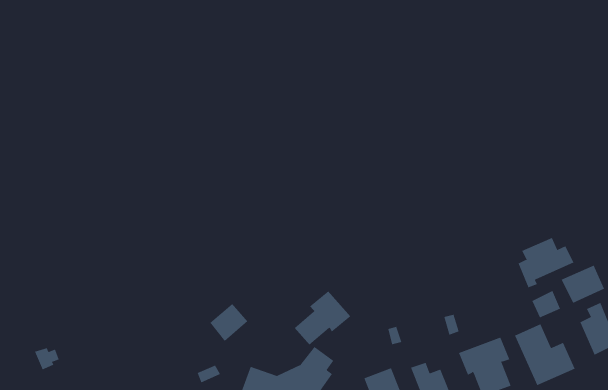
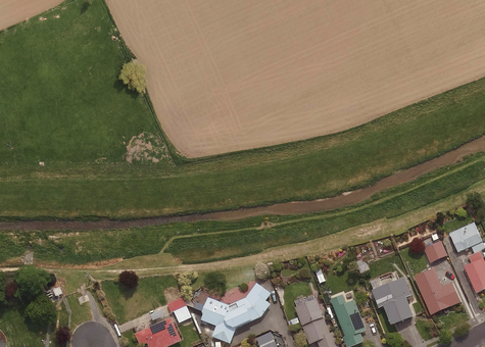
building: [518,237,574,288] -> none
building: [294,290,351,346] -> none
building: [210,303,248,342] -> none

